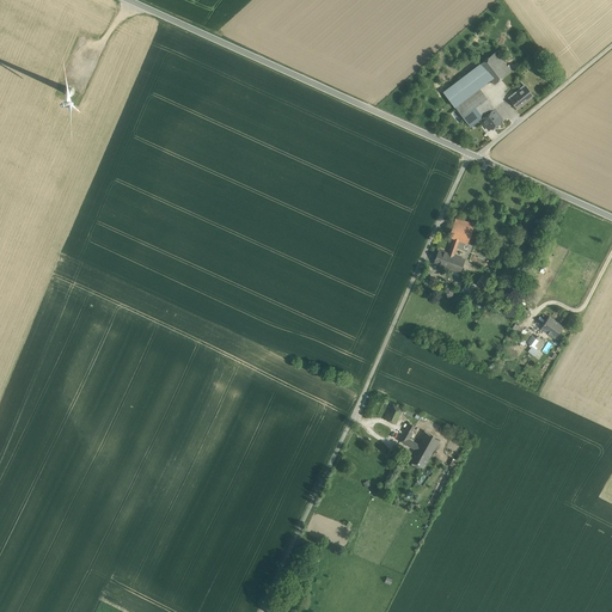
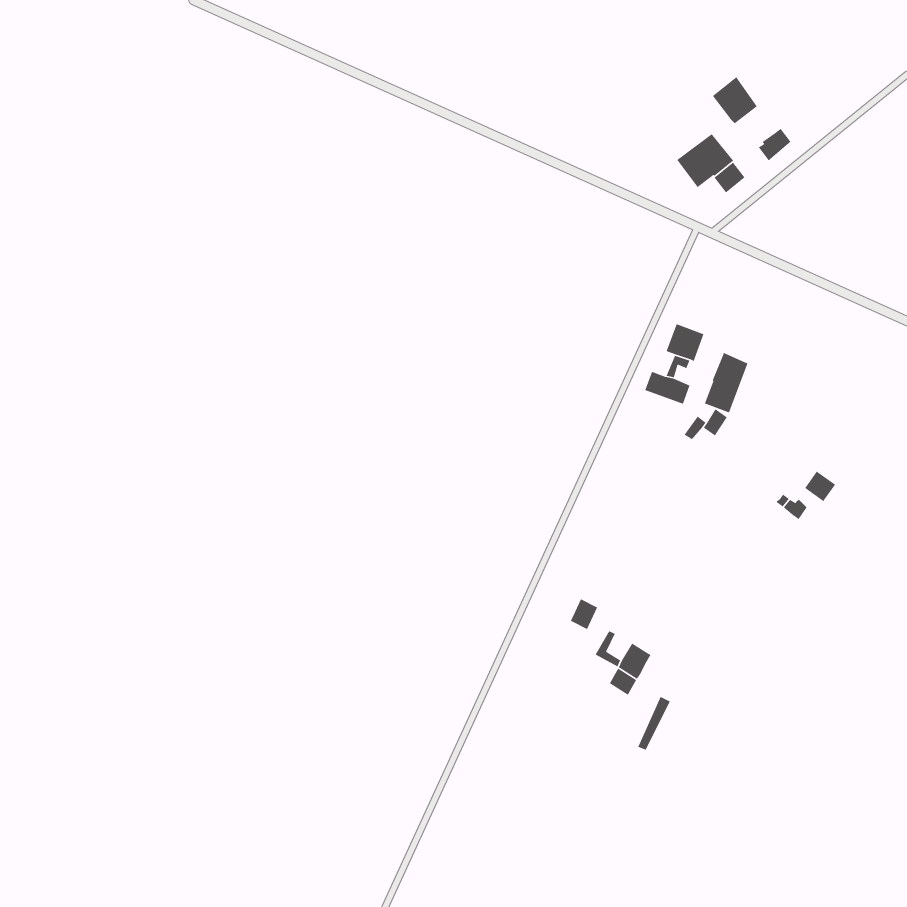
building: [443,65,491,108] -> none
building: none -> [704,352,749,414]

